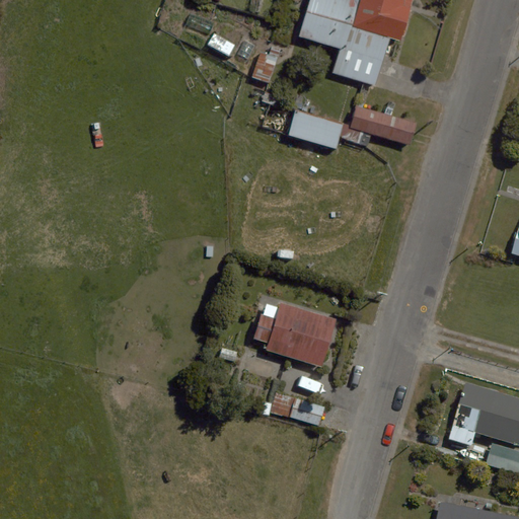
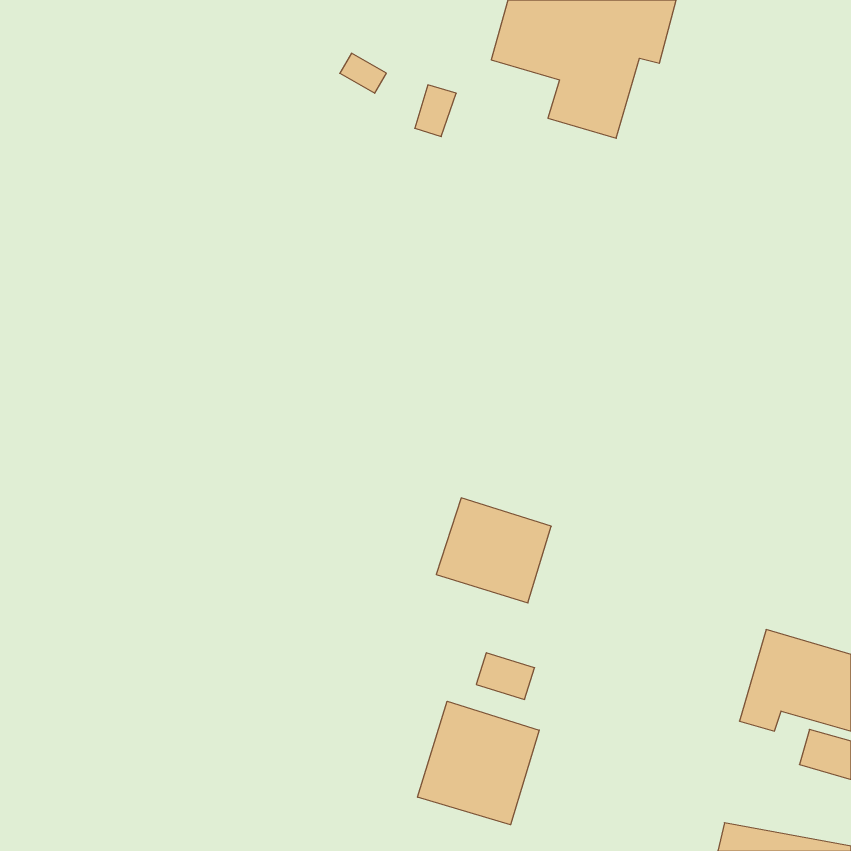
building: [350,105,417,145] -> none
building: [289,110,343,148] -> none
building: none -> [418,701,539,825]

